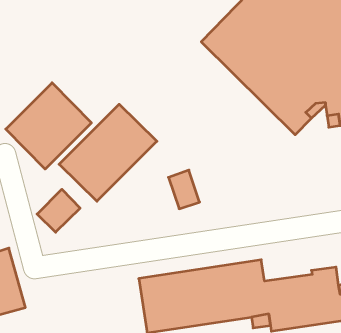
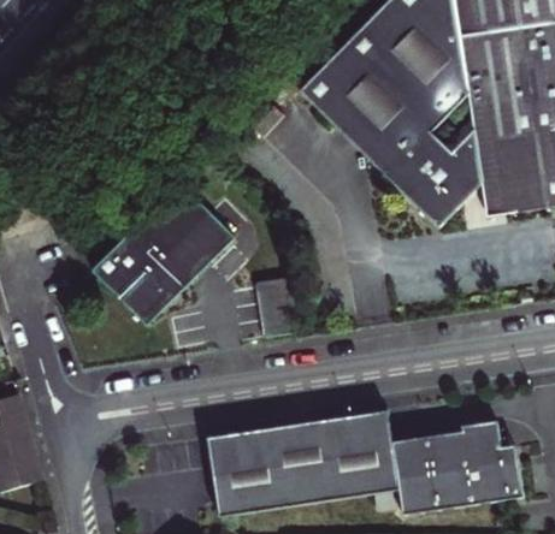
building: [6,83,91,169] -> none
building: [37,189,80,232] -> none

